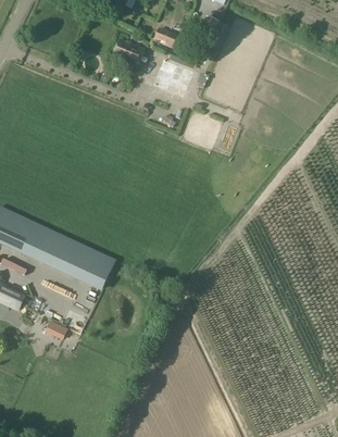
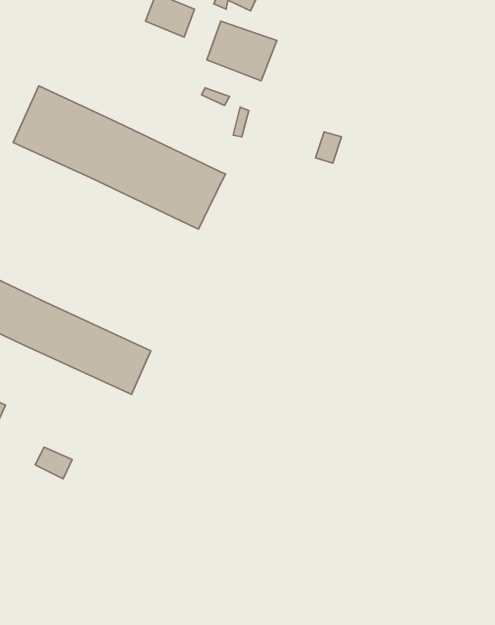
building: none -> [13,86,225,229]

